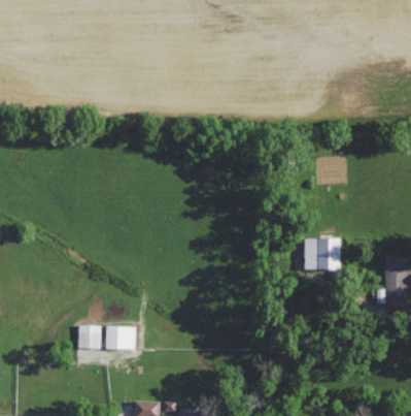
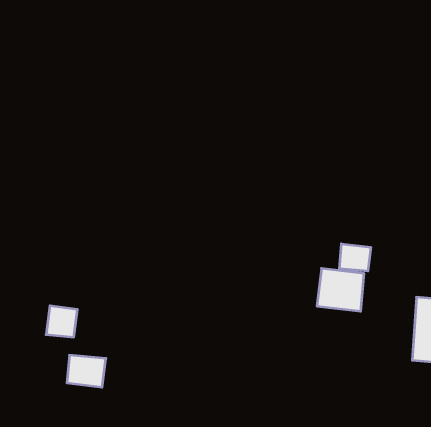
building: none -> [339,244,371,271]
building: [77,324,101,348] -> [46,306,77,337]

